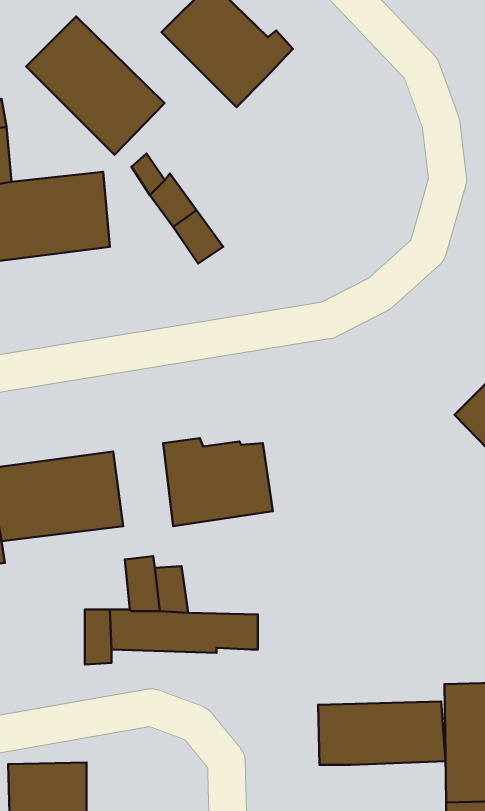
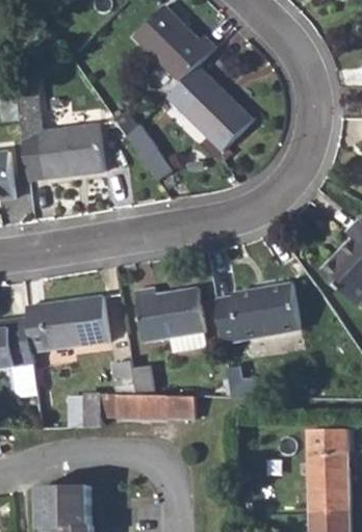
building: [26,17,164,155] -> [166,62,253,149]
building: none -> [216,289,300,346]
building: [318,702,446,765] -> none

